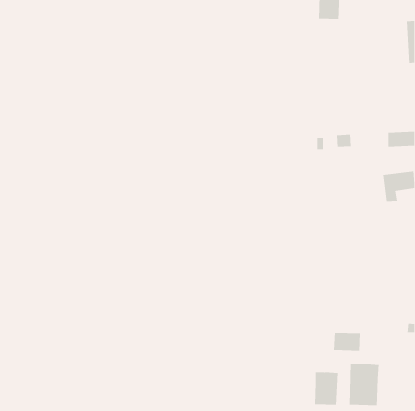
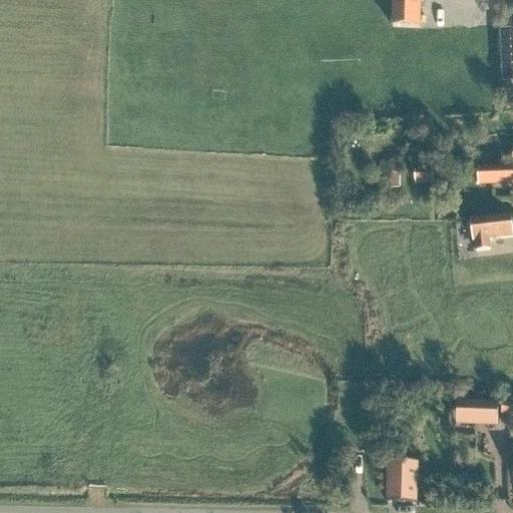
building: [333,332,361,351] -> [464,399,498,422]
building: [349,363,379,406] -> none

